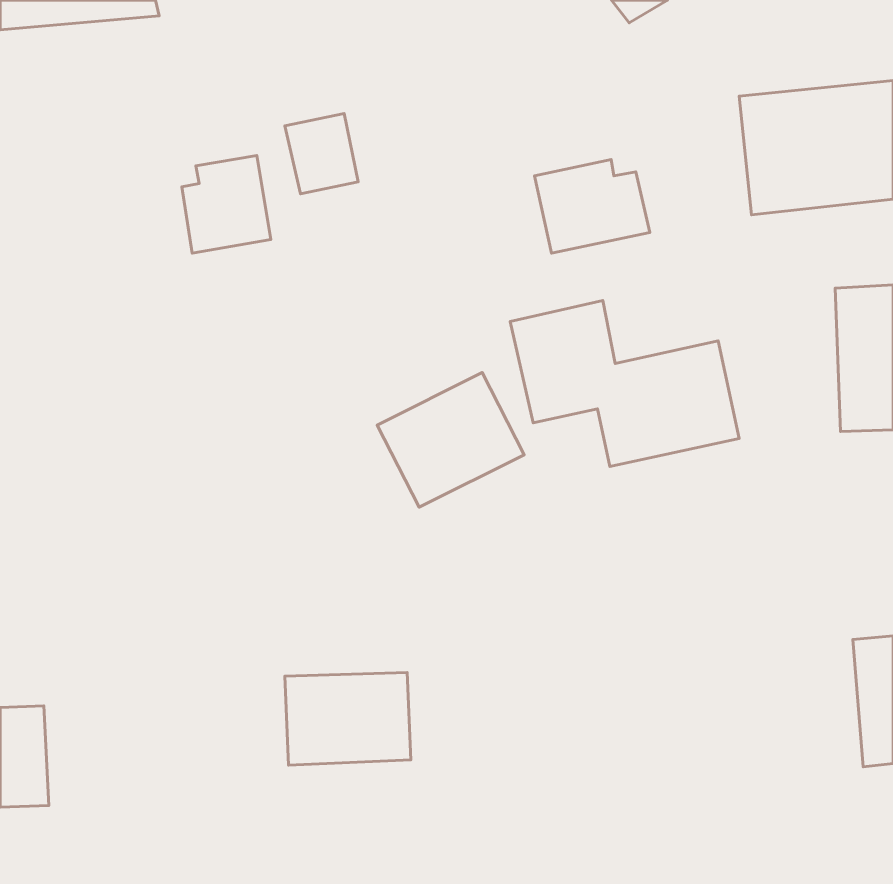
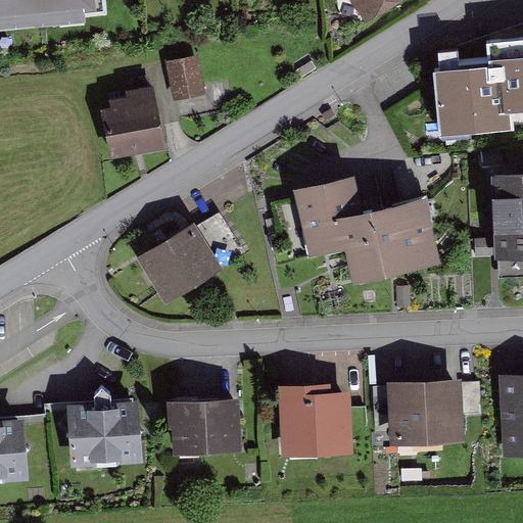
building: [535,160,650,253] -> none
building: [377,373,524,507] -> [137,227,223,305]
building: none -> [385,379,463,442]
building: none -> [284,393,353,455]
building: none -> [64,405,143,467]

